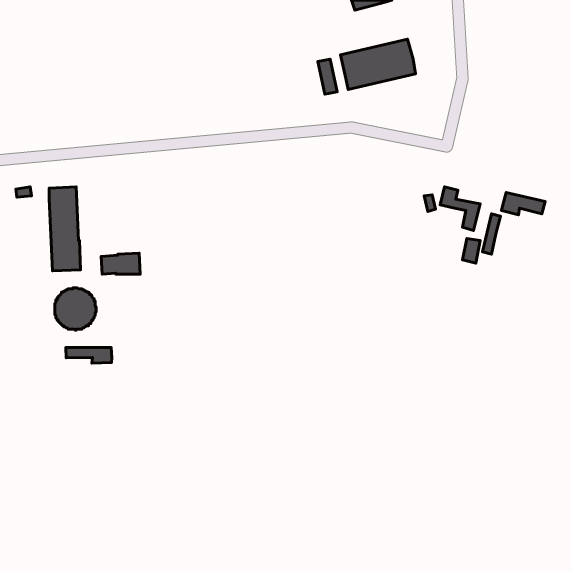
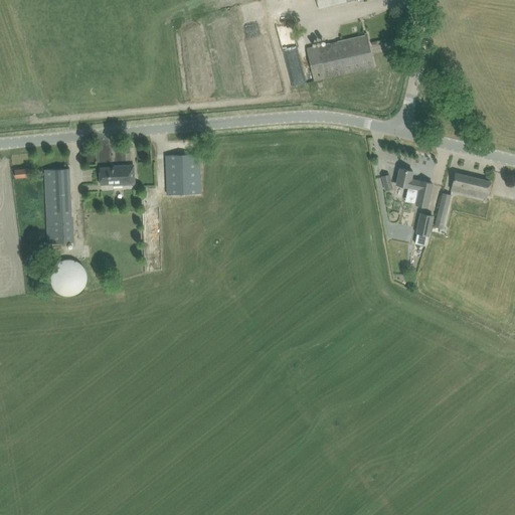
building: none -> [165,154,199,194]
building: [101,253,140,274] -> [99,165,134,184]
building: [66,347,112,363] -> none

